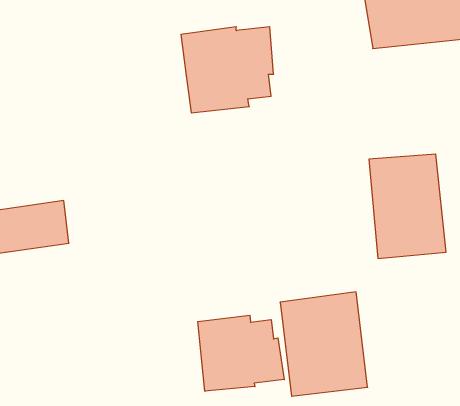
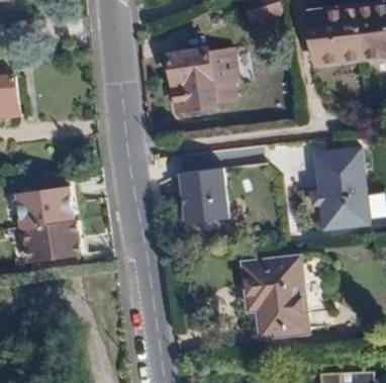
building: none -> [182,169,228,220]
building: none -> [26,218,86,261]
building: [198,315,284,391] -> none

